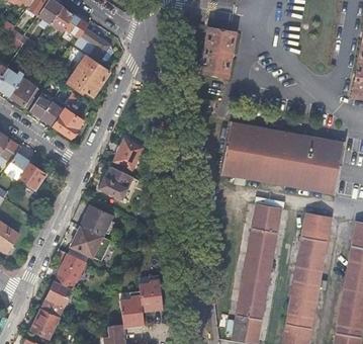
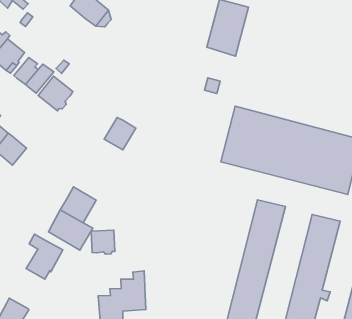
building: [68,56,110,96] -> none
building: [99,167,133,200] -> none
building: none -> [91,230,115,254]
building: [41,281,73,317] -> none

